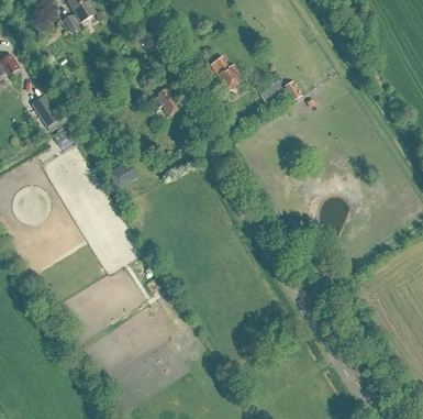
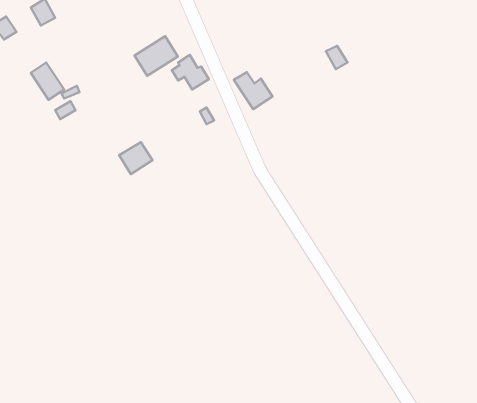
building: [211,57,244,89] -> [234,72,272,109]
building: none -> [134,36,178,76]

